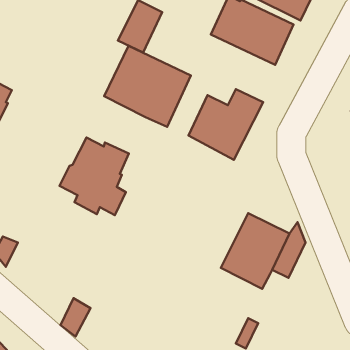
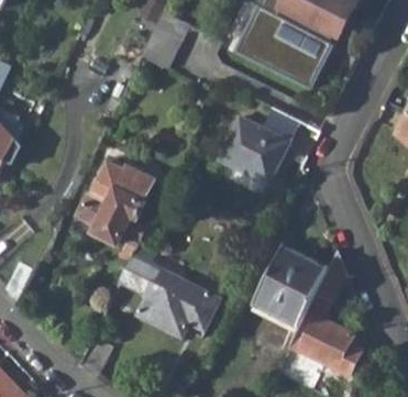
building: [104,46,191,127] -> none
building: none -> [120,244,220,337]
building: none -> [288,310,361,375]

